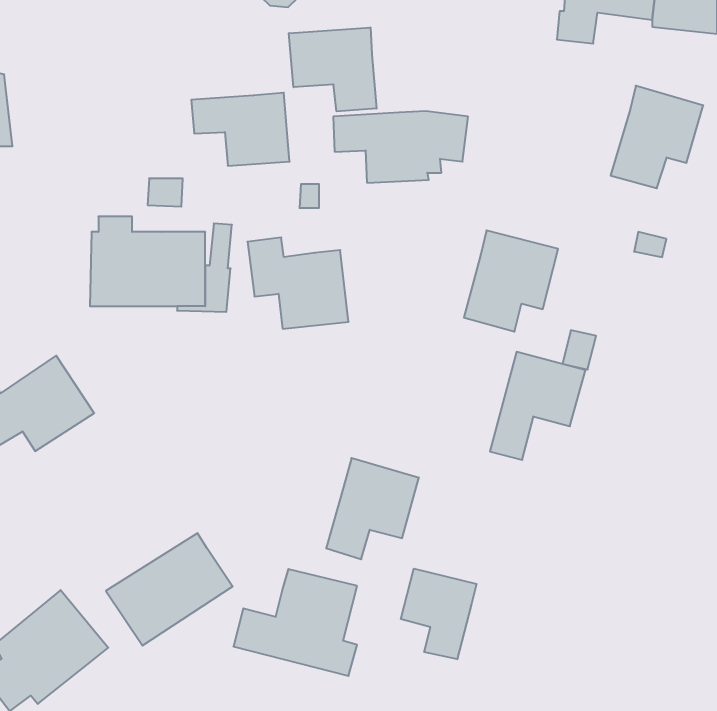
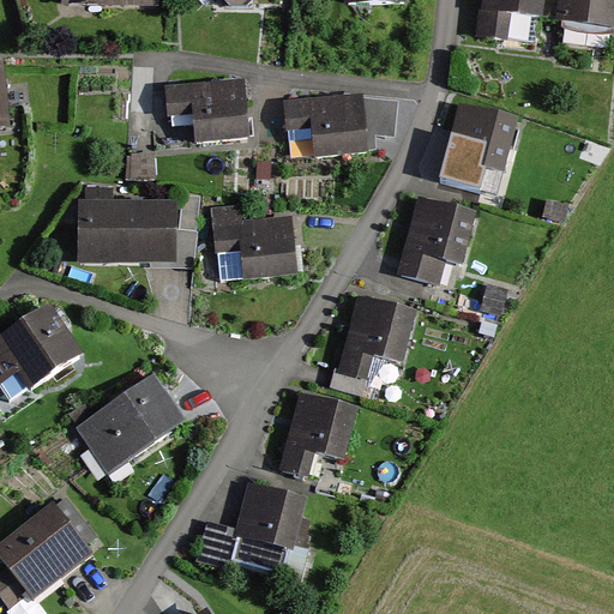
building: [289,27,377,111] -> none
building: [611,86,703,188] -> [437,104,516,192]
building: [490,352,585,460] -> [333,297,415,390]
building: [106,533,233,646] -> [74,377,182,472]
building: [401,569,477,659] -> none

